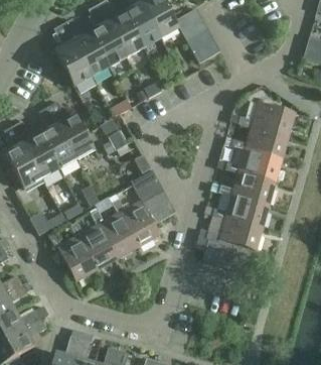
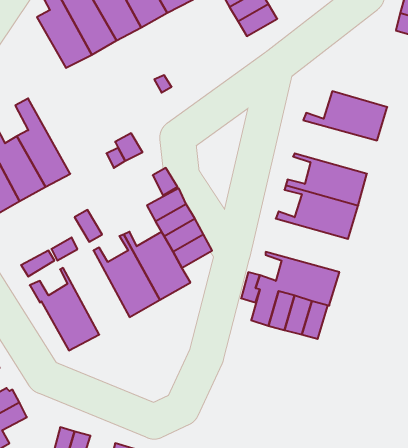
building: [47,102,95,158] -> none
building: [232,121,290,158] -> none
building: [212,190,270,227] -> none
building: [71,212,118,270] -> none

